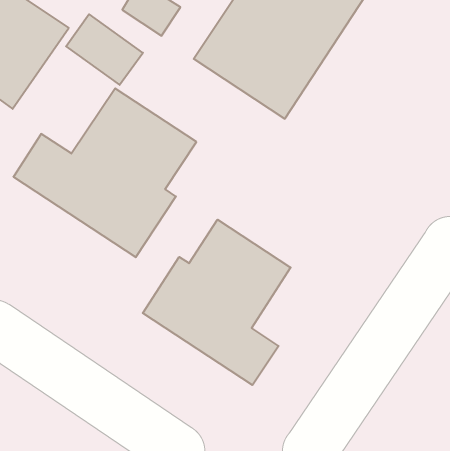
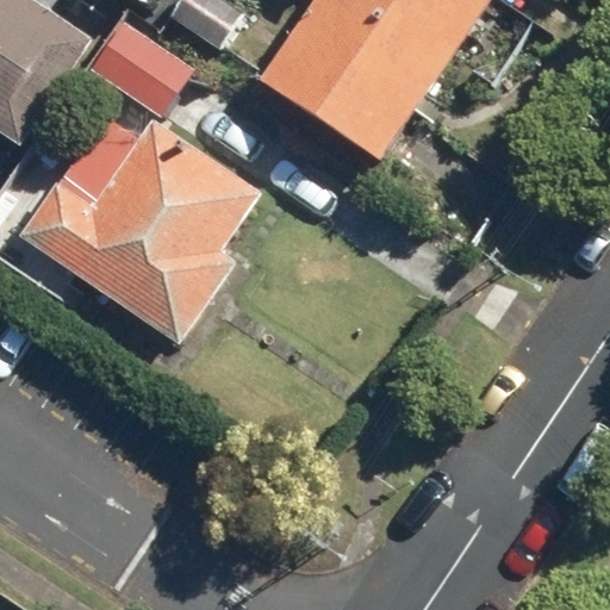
building: [143,220,291,385] -> none

